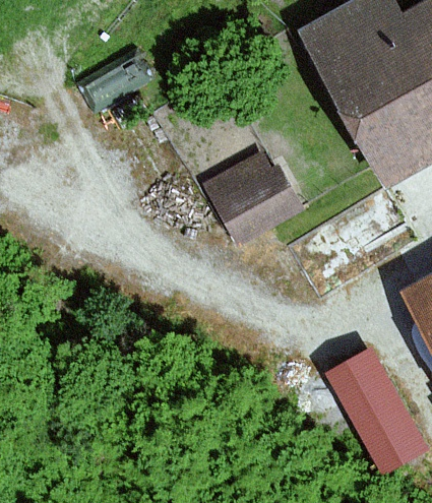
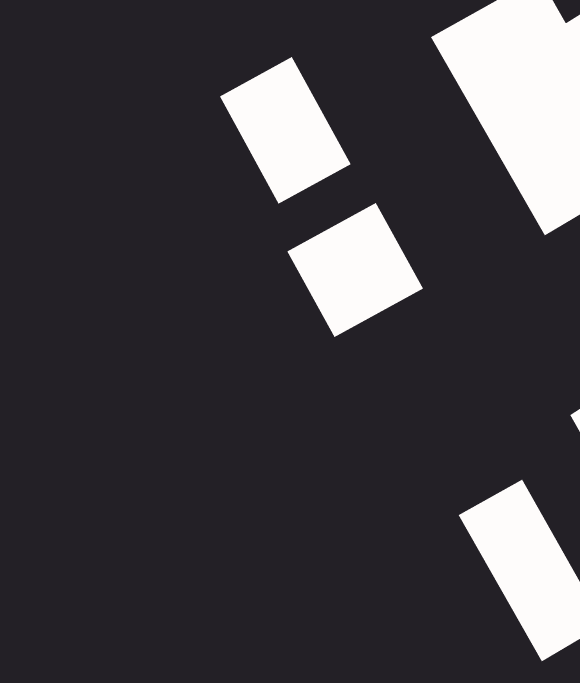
building: none -> [219,56,352,205]

